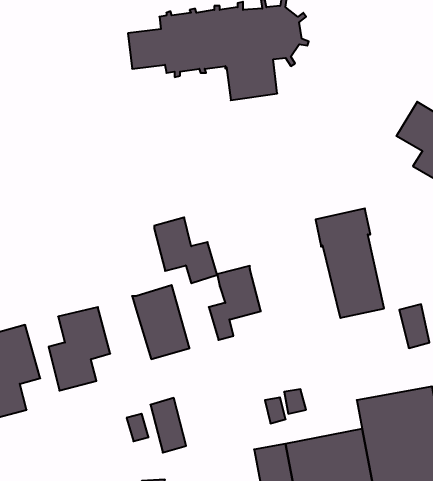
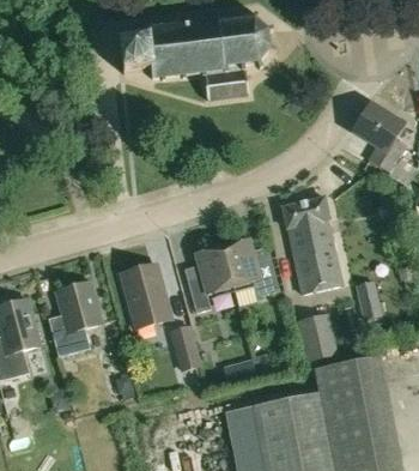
building: [154,217,217,283] -> [224,238,279,296]
building: none -> [298,313,338,360]
building: [150,398,186,453] -> [170,324,201,372]

